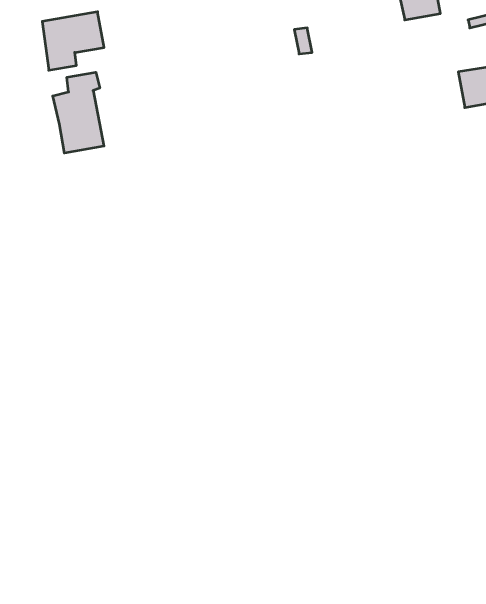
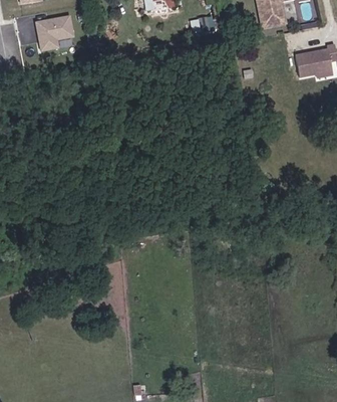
building: [53,72,104,153] -> none

